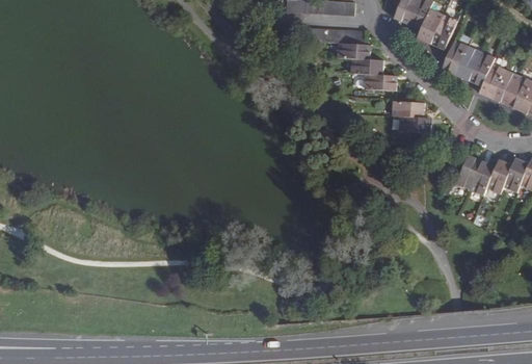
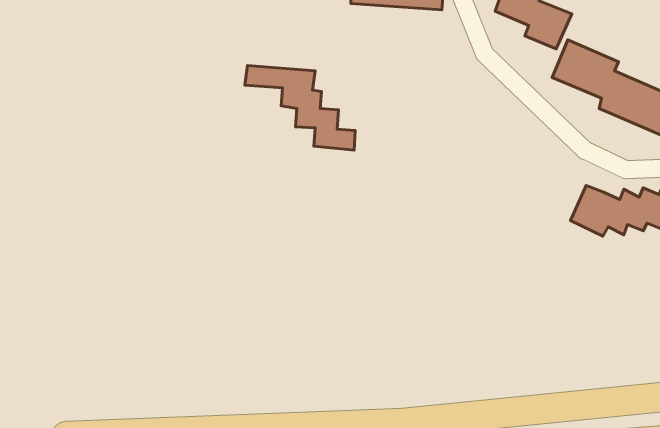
building: [309,25,397,93] -> [245,66,355,150]
building: [392,101,432,134] -> none

